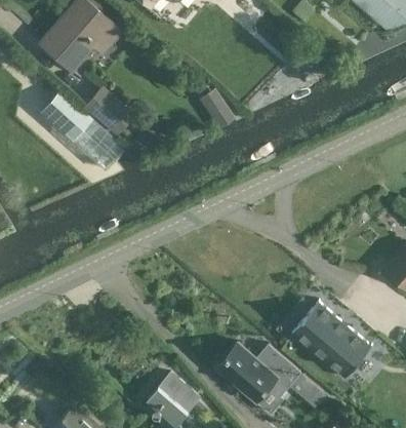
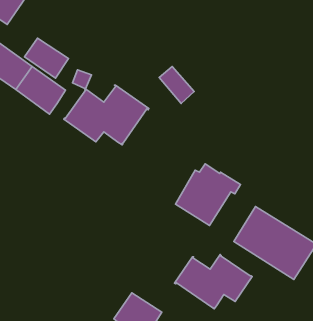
building: [199,88,235,129] -> [159,66,194,104]
building: none -> [64,85,149,145]
building: none -> [175,164,240,225]

